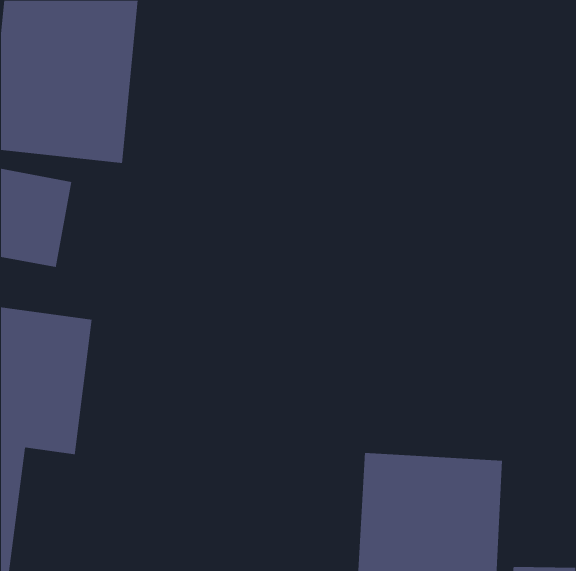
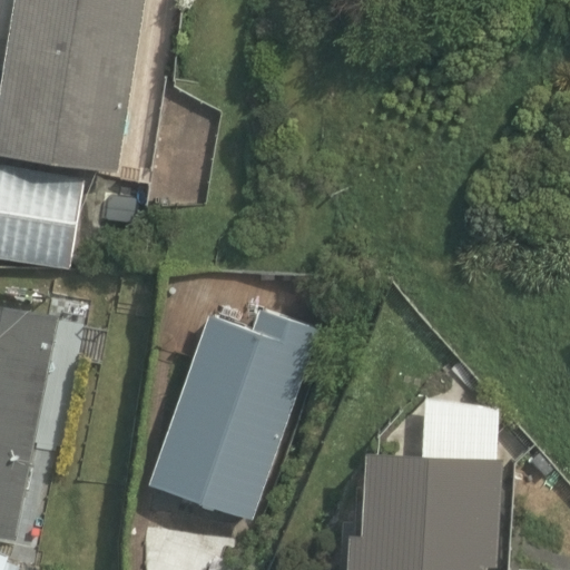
building: none -> [144,311,315,521]

